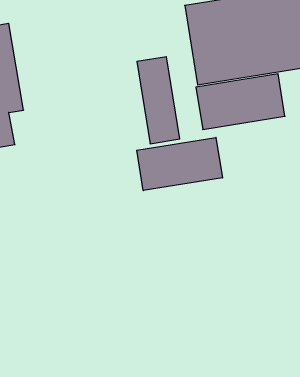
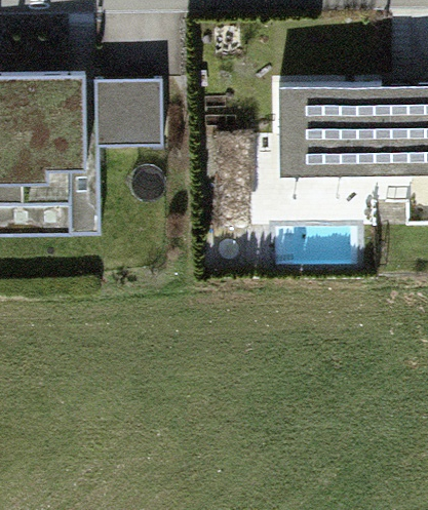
building: none -> [101,79,166,148]
building: [137,137,222,191] -> none

